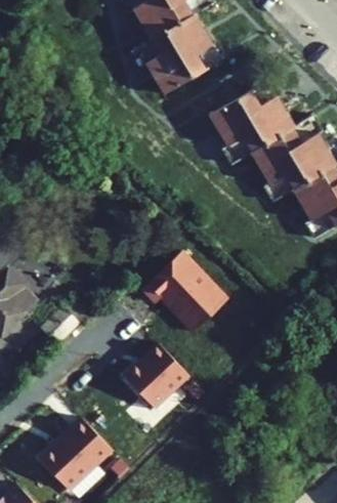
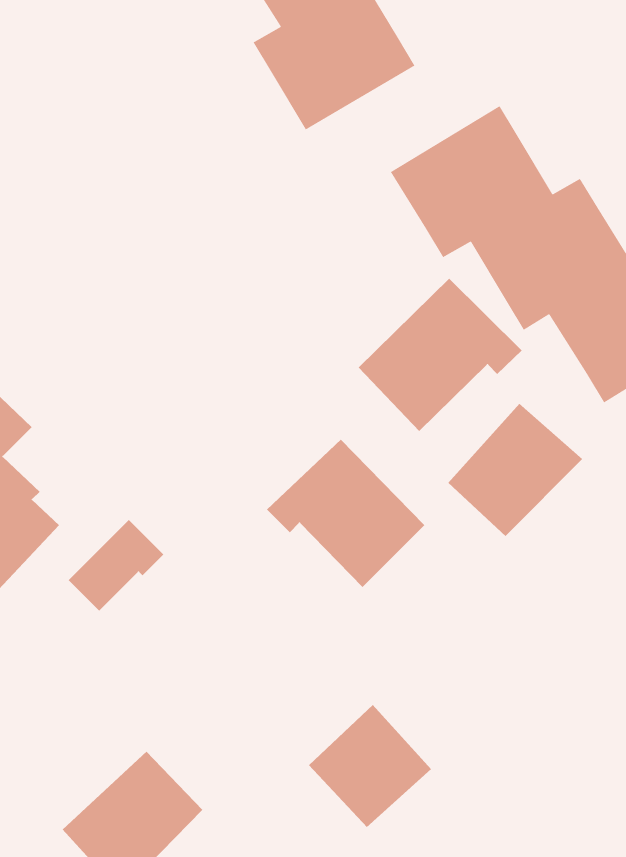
building: none -> [358,278,523,432]
building: none -> [448,403,583,537]
building: [125,343,189,408] -> [308,704,432,828]

